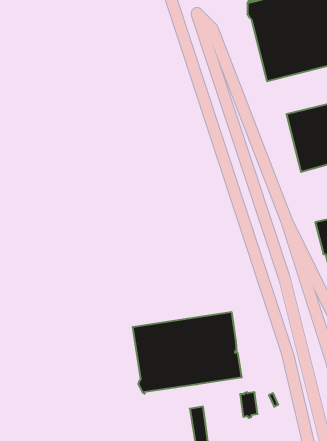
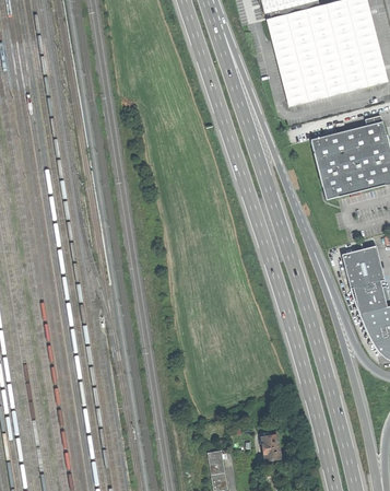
building: [133,312,242,394] -> none

